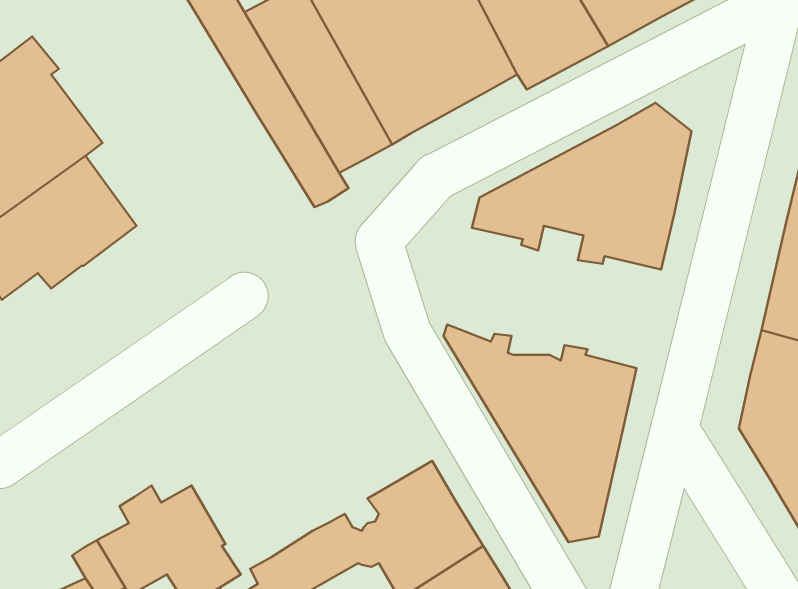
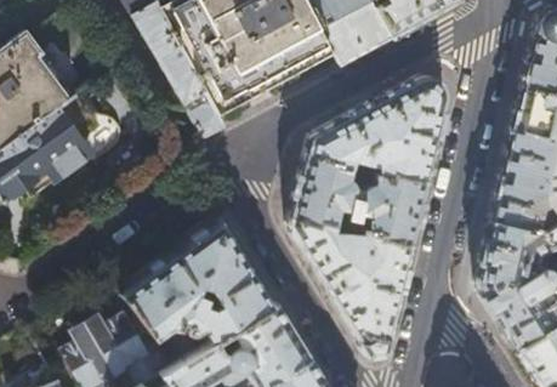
building: none -> [290,154,427,244]
building: none -> [125,222,274,365]

